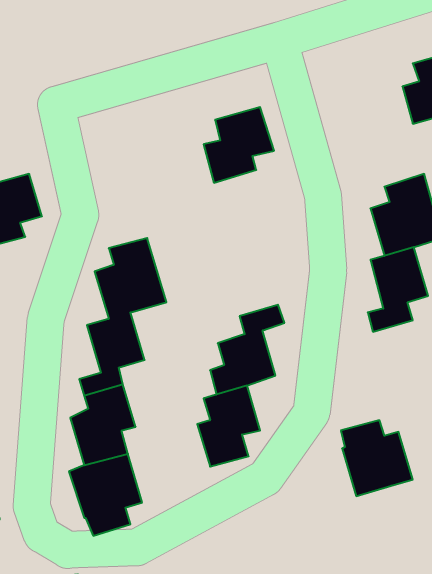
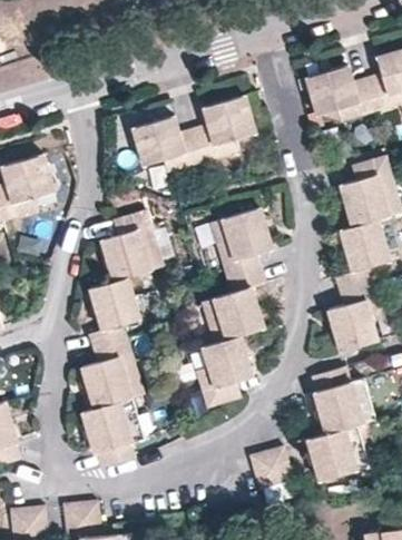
building: none -> [306,66,375,121]
building: none -> [134,117,203,171]
building: none -> [208,208,272,277]
building: none -> [330,281,385,350]
building: none -> [307,424,369,480]
building: none -> [253,445,293,487]

